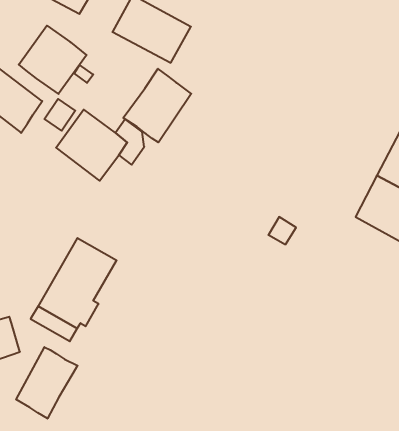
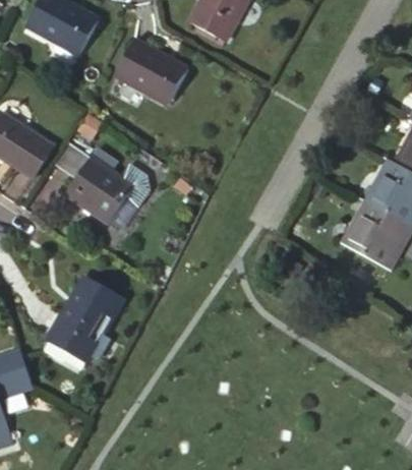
building: [19,26,87,94] -> none
building: [123,69,191,142] -> none
building: [16,347,78,419] -> none

